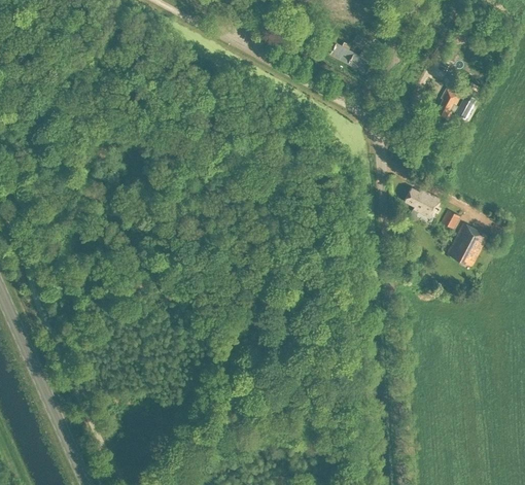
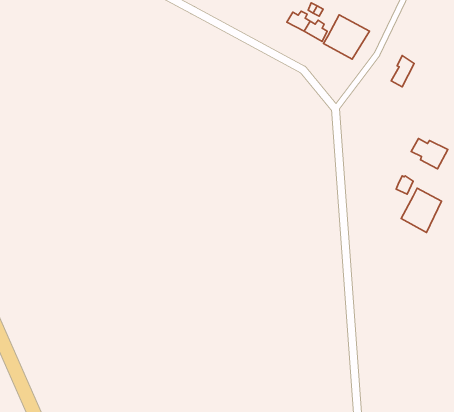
building: none -> [323,15,369,59]
building: [404,187,441,218] -> [411,138,448,169]

